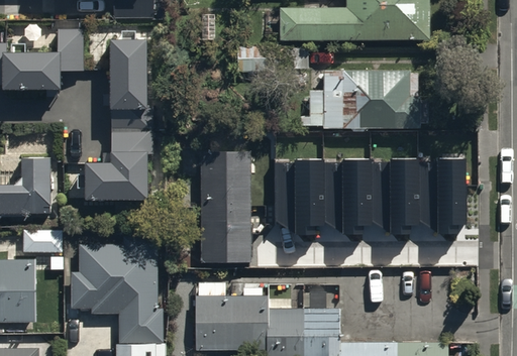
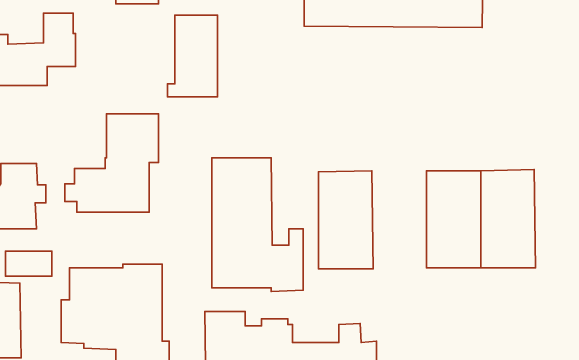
building: [103,37,145,107] -> [168,15,217,97]
building: [300,70,428,132] -> none
building: [336,162,383,246] -> none

